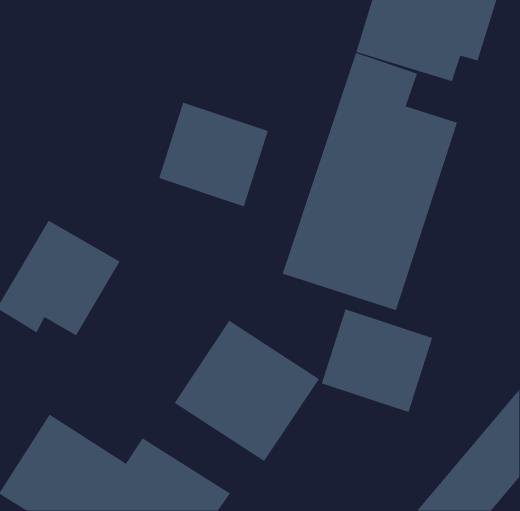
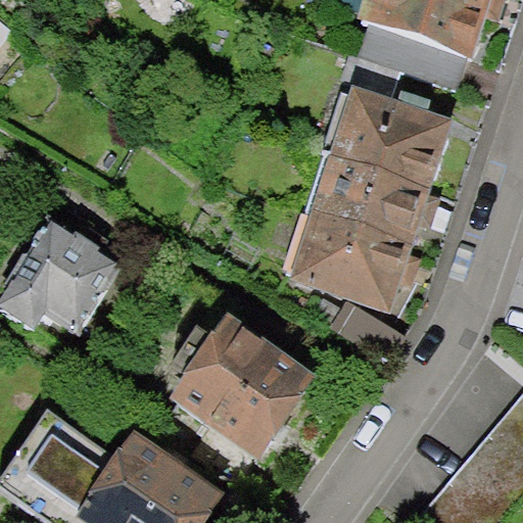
building: [158,102,269,207] -> none
building: [321,309,433,413] -> none

